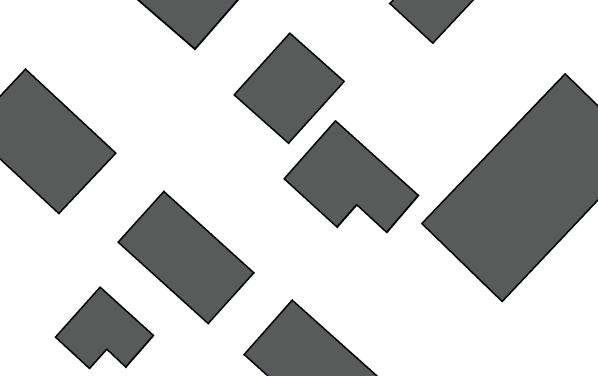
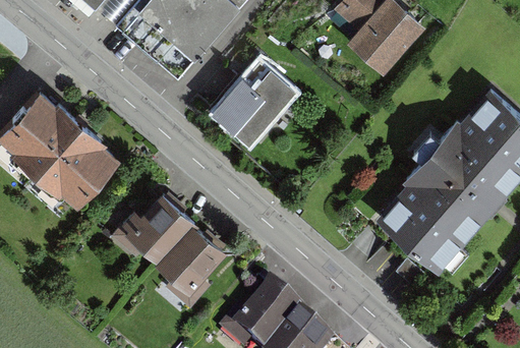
building: [284,121,418,232] -> none
building: [56,287,153,368] -> none

